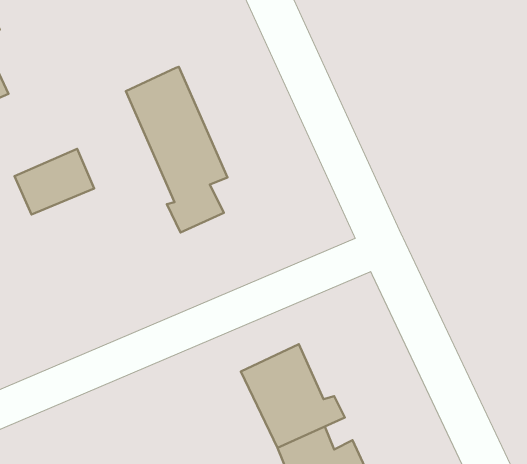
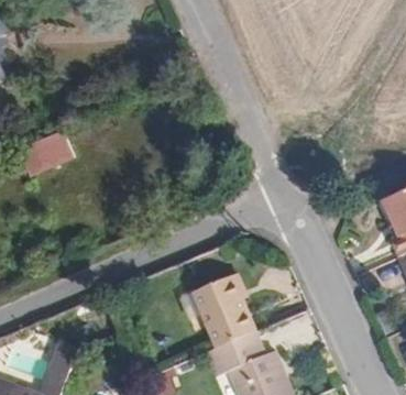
building: [126,67,227,233] -> none

